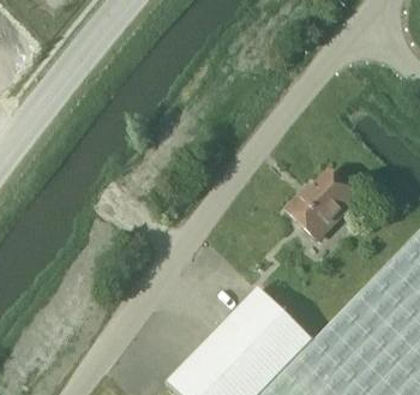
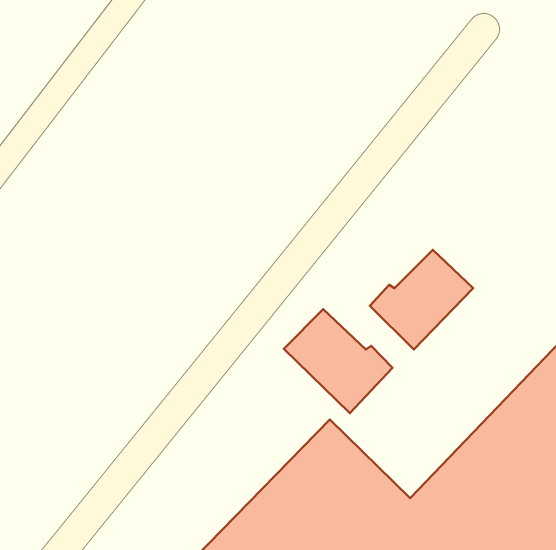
building: none -> [284,309,393,413]

